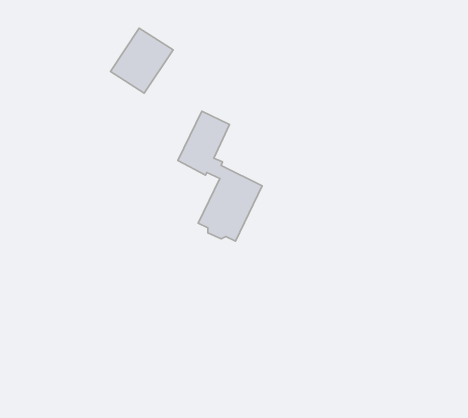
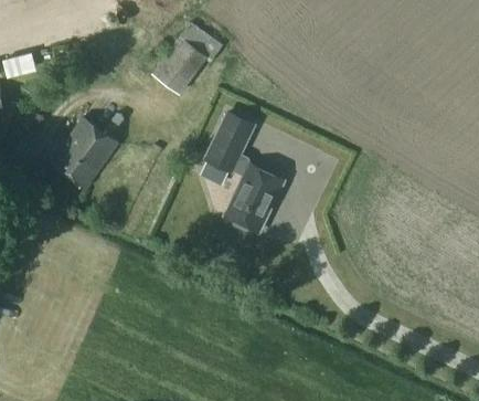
building: none -> [180,22,223,64]
building: none -> [51,117,118,188]

